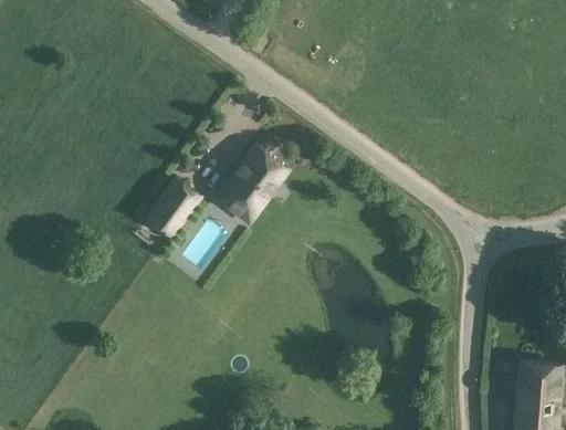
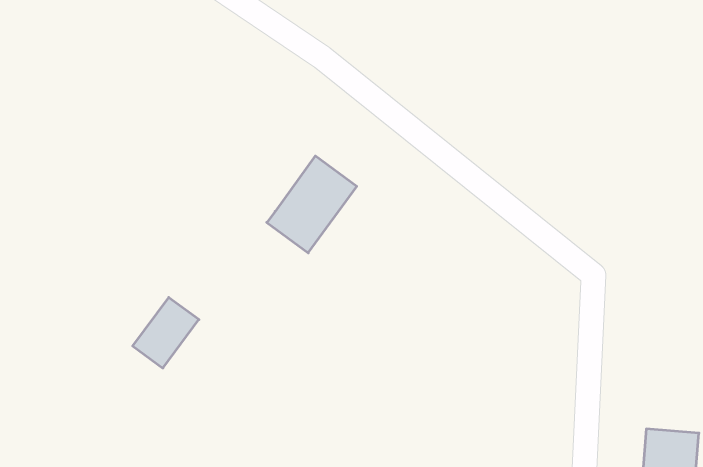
building: [147,178,200,234] -> [133,297,199,368]

